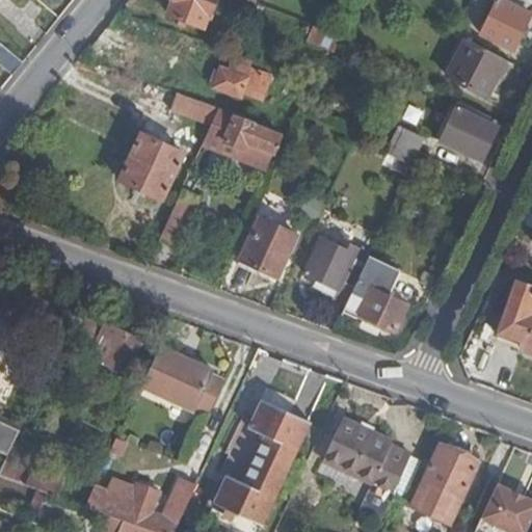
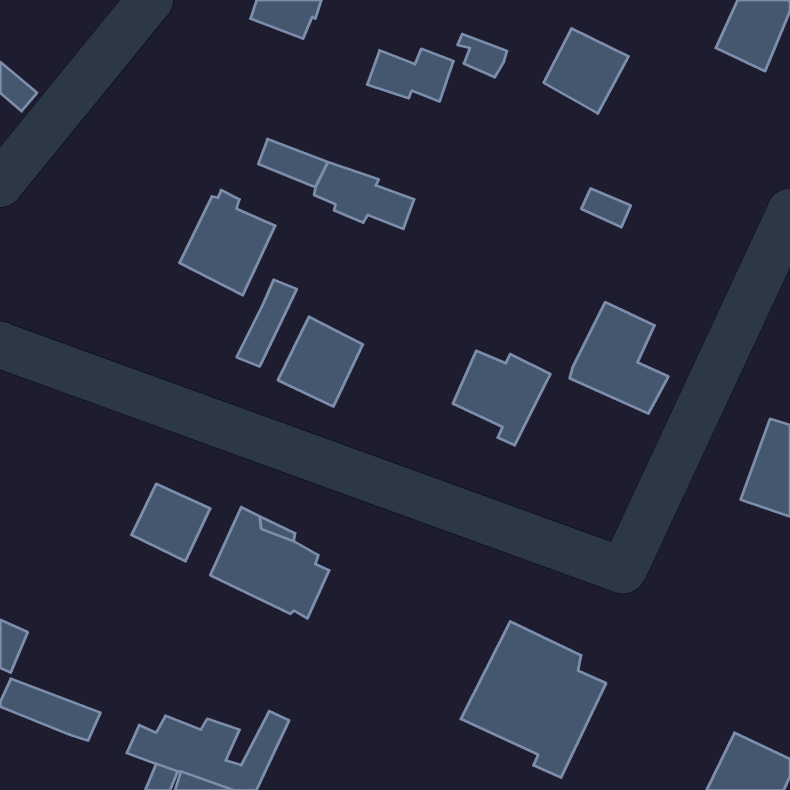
building: [450,41,507,98] -> [544,29,629,114]
building: [212,64,270,100] -> [367,49,454,101]
building: [438,99,499,159] -> none
building: [239,215,296,275] -> [278,317,363,406]
building: [344,256,410,330] -> [570,302,668,414]
building: [214,397,311,524] -> none
building: [413,443,475,516] -> none

